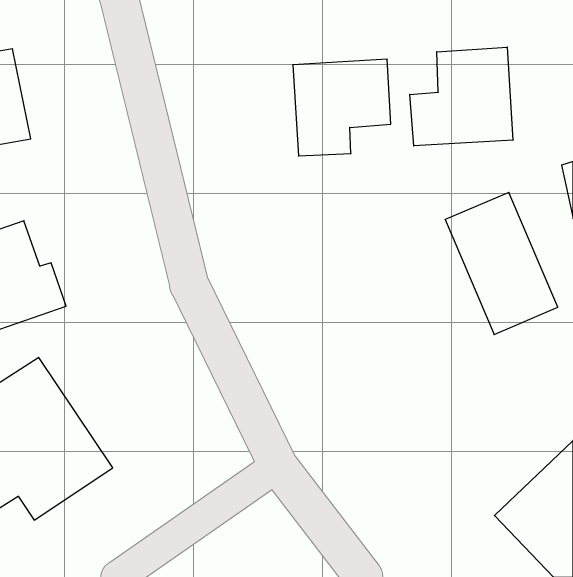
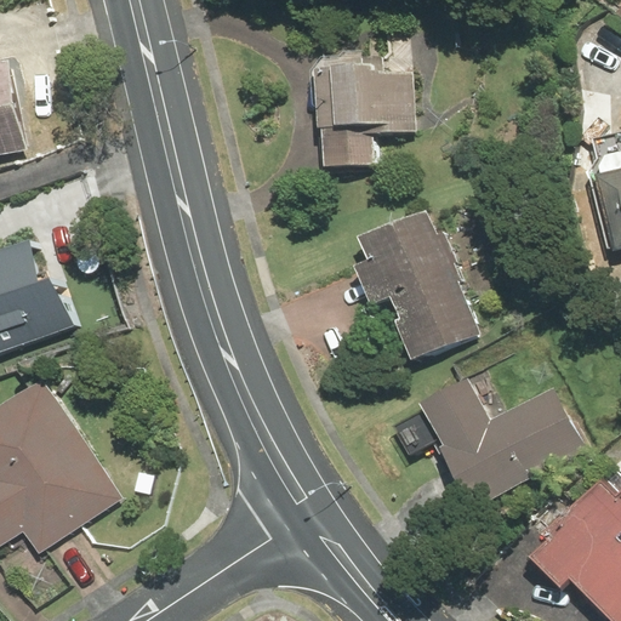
building: [410,47,513,146] -> none
building: [445,192,558,335] -> [359,210,479,361]
building: none -> [422,378,586,509]

